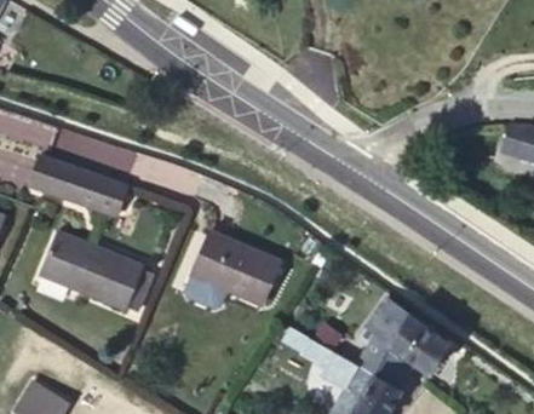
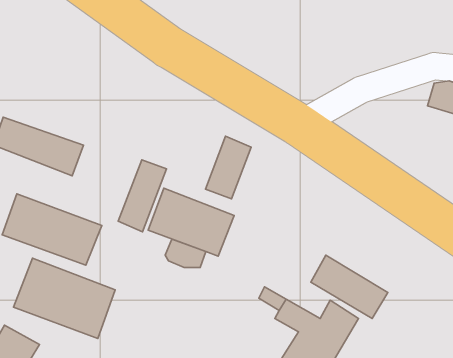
building: none -> [205,136,251,199]
building: none -> [118,160,166,232]
building: none -> [14,258,115,339]

